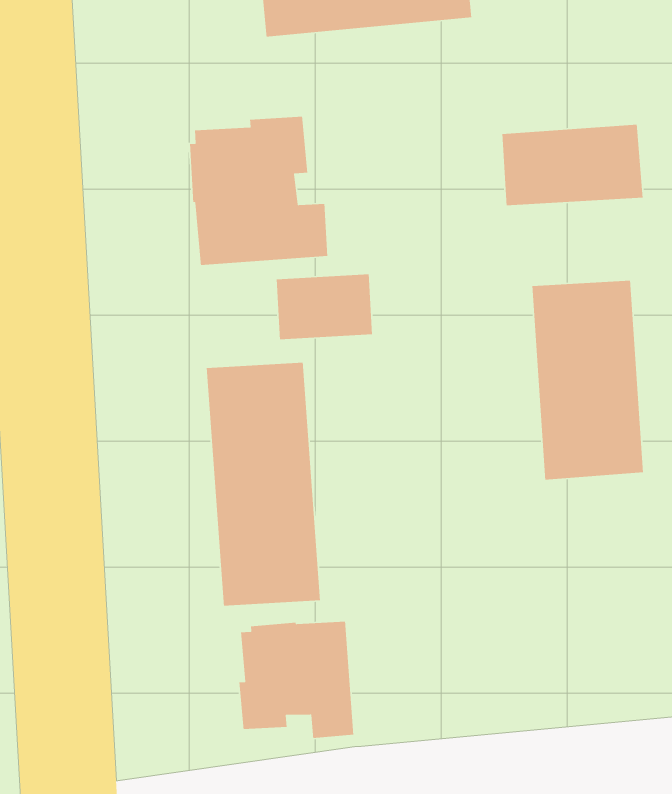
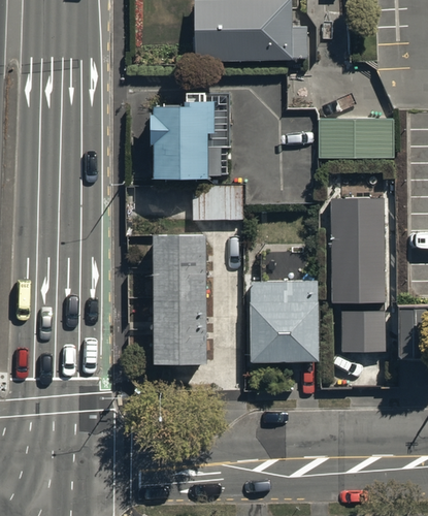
building: none -> [249,264,319,361]
building: none -> [341,312,385,354]
building: [239,621,354,739] -> none

